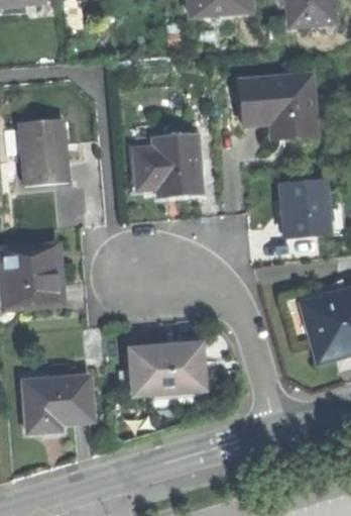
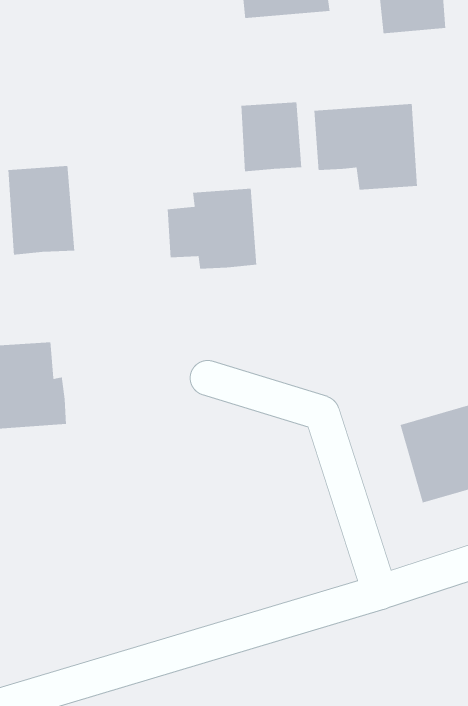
building: none -> [241,101,302,172]
building: [278,181,326,237] -> none
building: [130,343,205,396] -> none
building: [24,380,95,434] -> none

